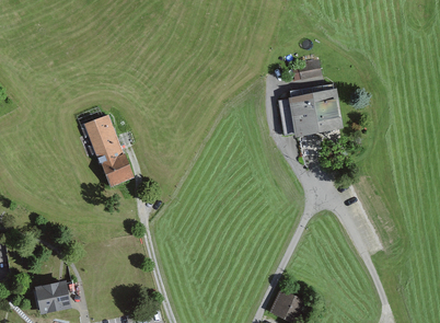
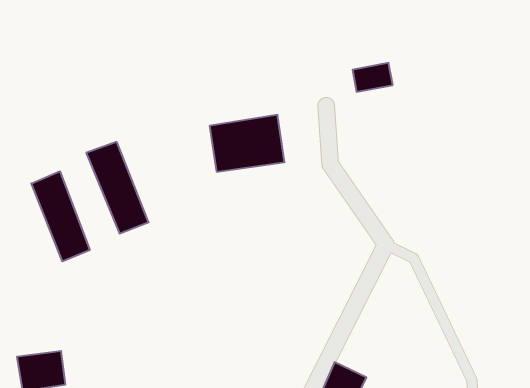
building: [282,91,341,136] -> [210,115,285,172]
building: none -> [31,171,90,261]

